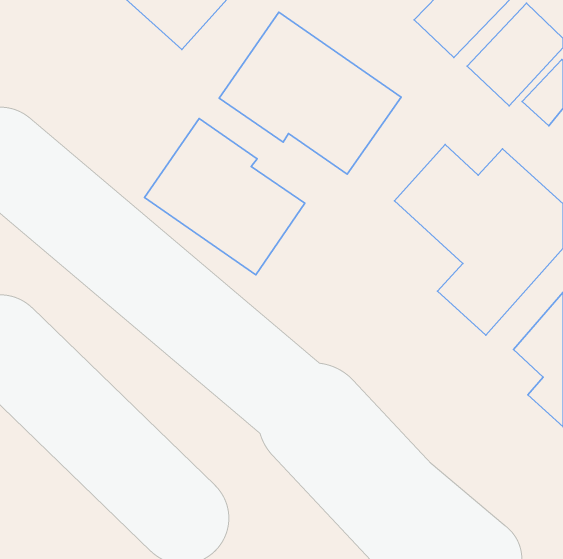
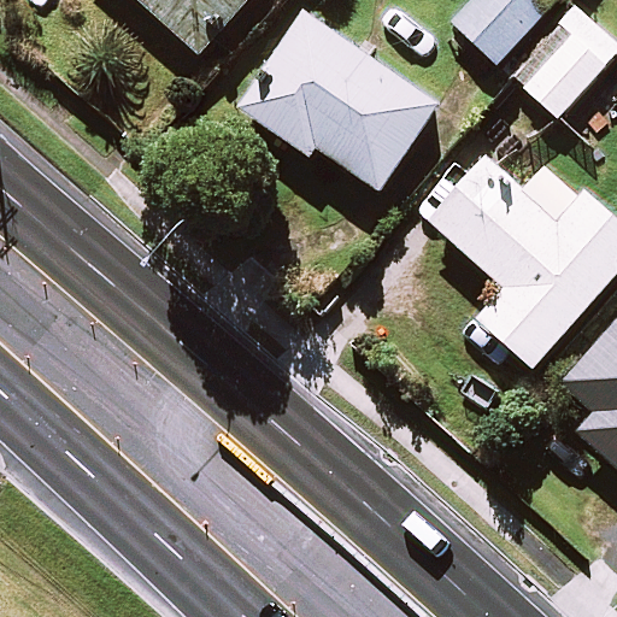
building: [144,119,305,275] -> none

